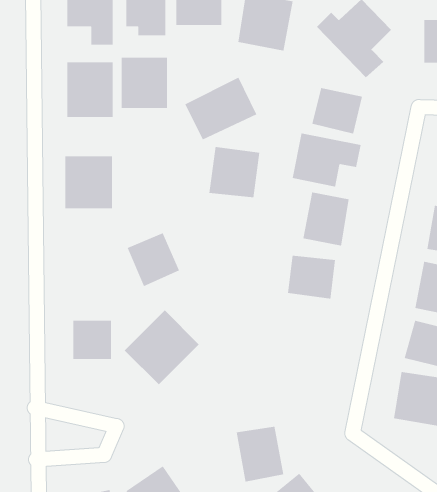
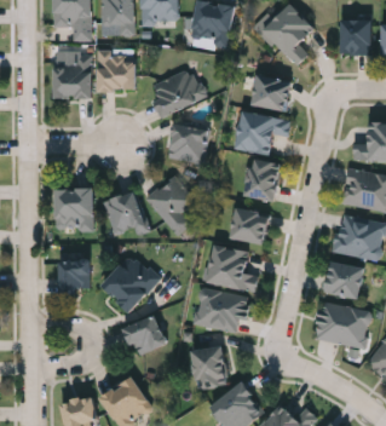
building: [64,156,113,209] -> [53,188,92,230]
building: none -> [144,173,195,234]
building: none -> [207,244,257,289]
building: none -> [192,286,249,333]
building: none -> [123,315,165,355]

